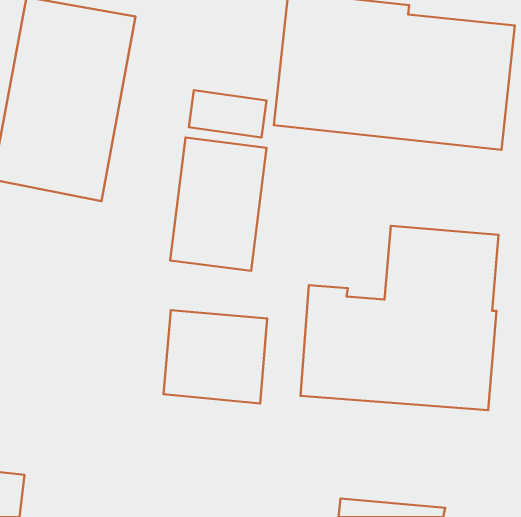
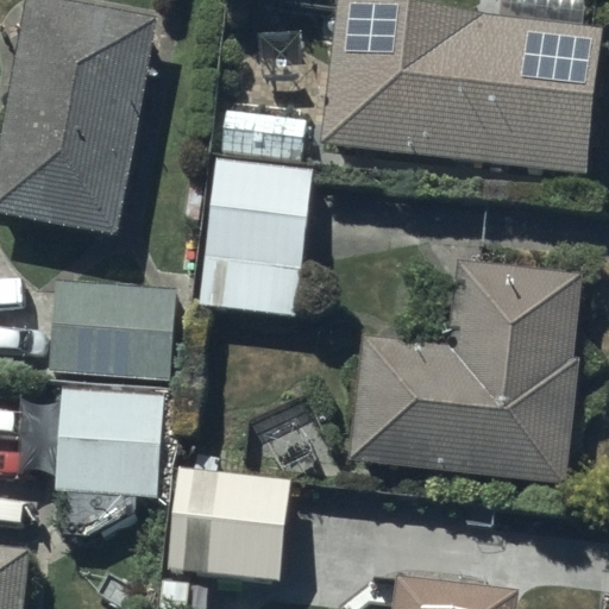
building: none -> [49,280,176,381]
building: [164,310,267,404] -> [169,469,289,577]
building: none -> [54,389,162,494]

